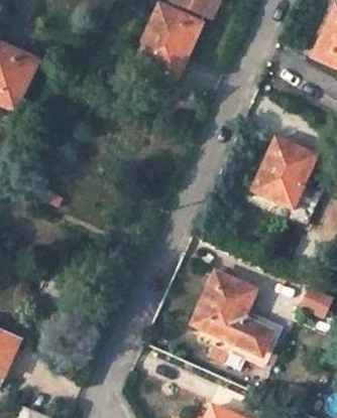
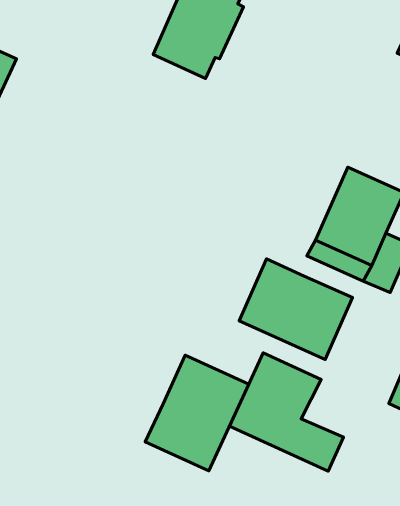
building: none -> [239,259,352,359]
building: none -> [145,355,249,471]

